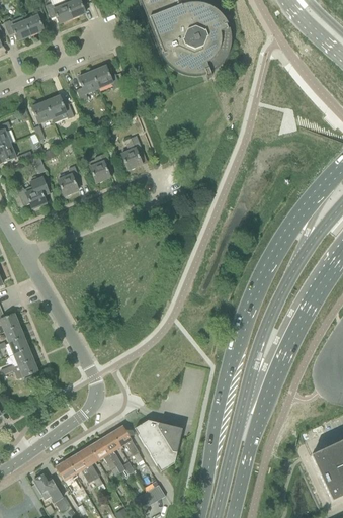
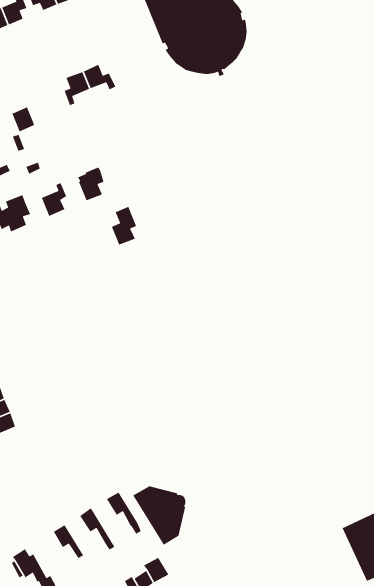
building: [47,94,75,120] -> none
building: [121,134,144,168] -> [111,206,137,247]
building: [100,430,125,470] -> none
building: [78,444,103,484] -> none
building: [56,457,84,492] -> none

